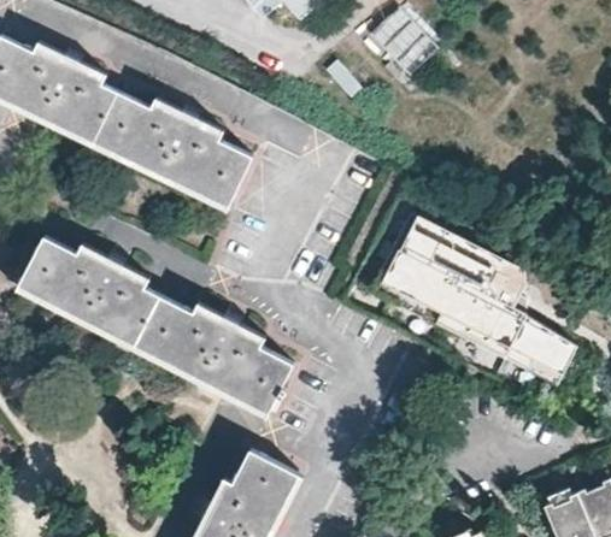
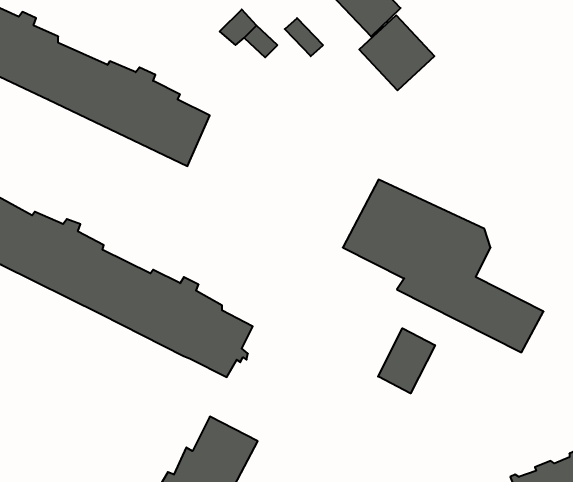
building: none -> [359,15,434,90]
building: none -> [378,328,435,393]

